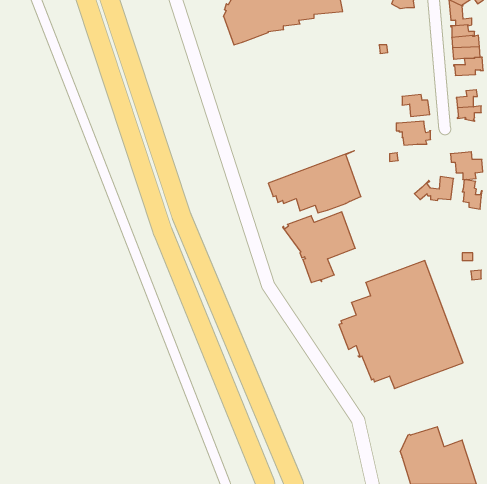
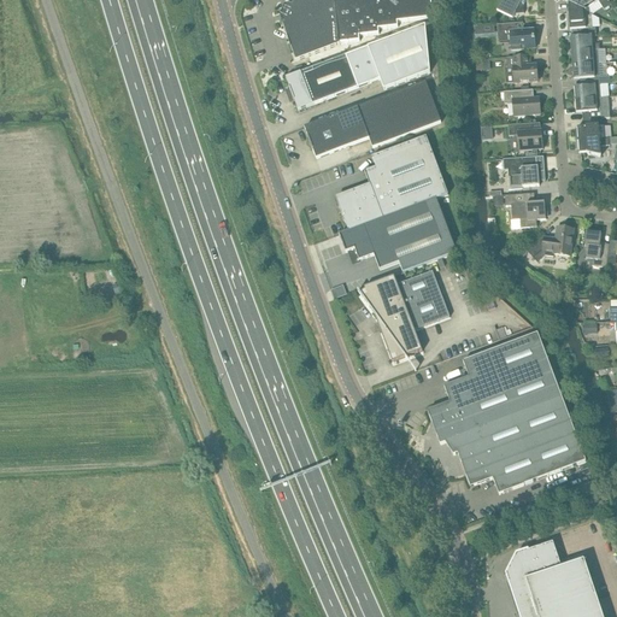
building: none -> [496,19,534,46]
building: none -> [284,24,428,106]
building: none -> [504,52,536,80]
building: none -> [304,77,440,155]
building: none -> [503,86,539,112]
building: none -> [575,93,609,114]
building: none -> [337,133,447,231]
building: [450,152,483,179] -> [504,189,545,224]

